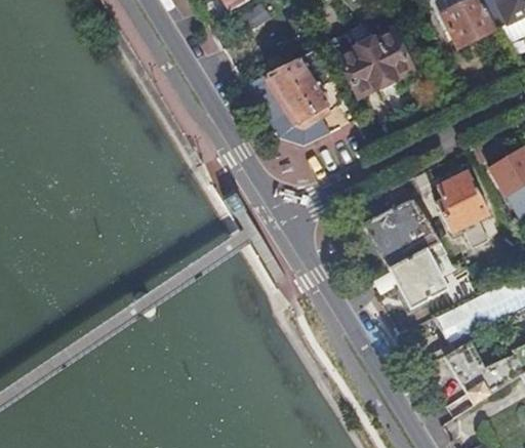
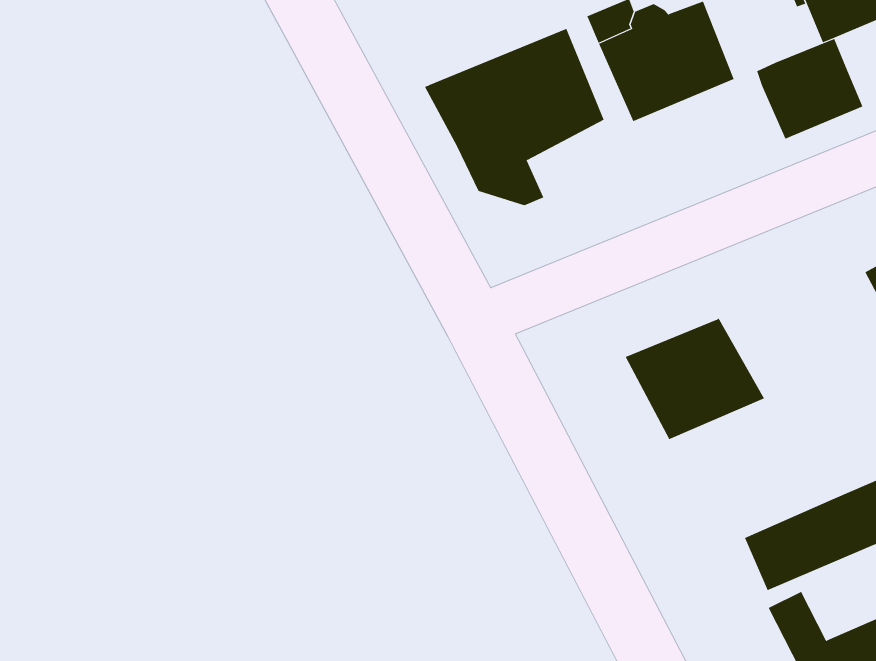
building: none -> [756,38,863,140]
building: [439,170,491,247] -> none
building: [391,241,447,307] -> none

